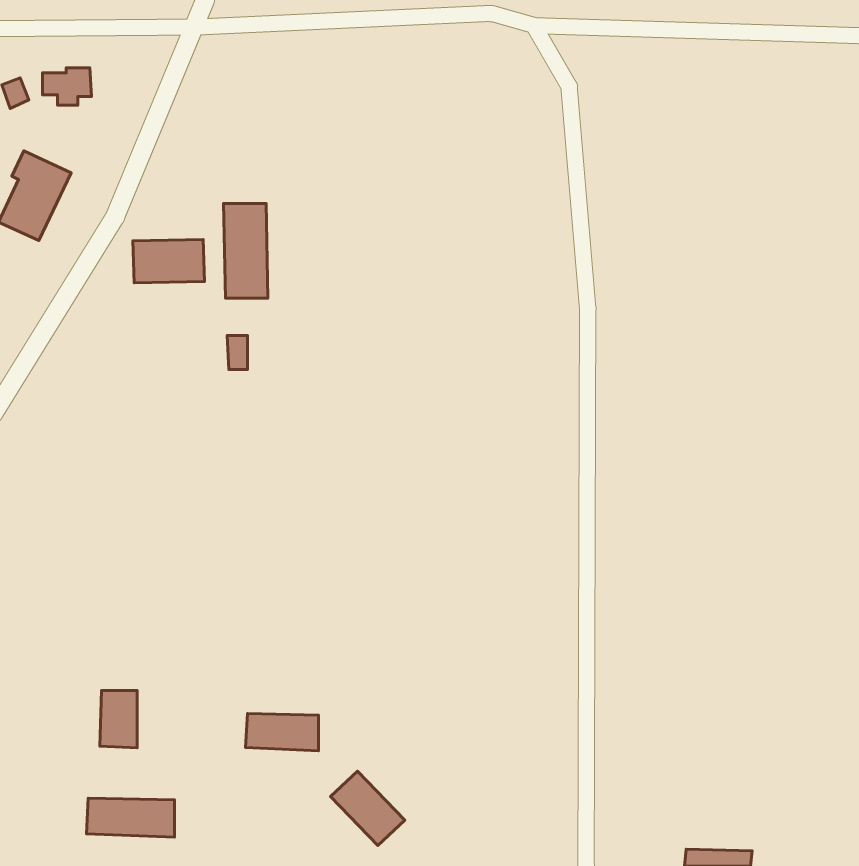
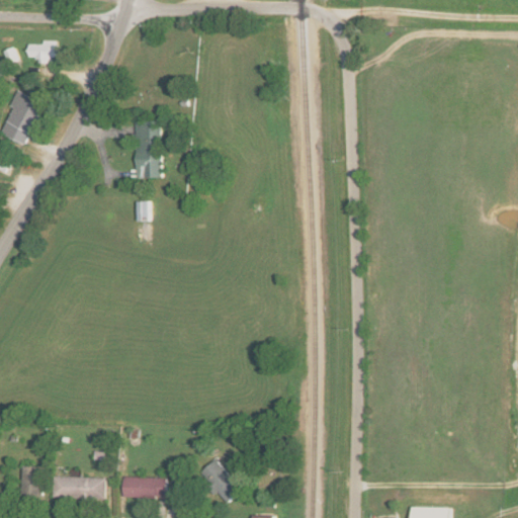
building: [133,240,205,283] -> none
building: [100,690,137,748] -> [20,466,42,501]
building: [246,713,318,751] -> [121,477,165,499]

